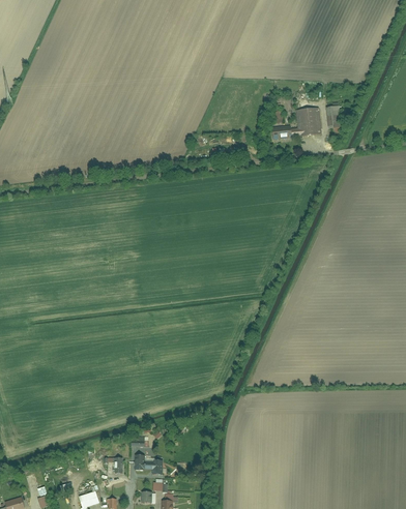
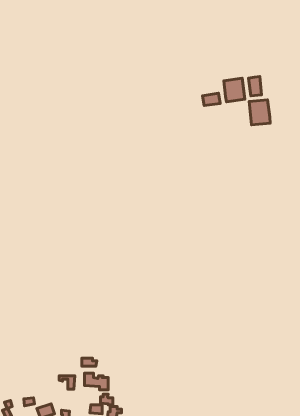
building: none -> [249,100,270,125]

